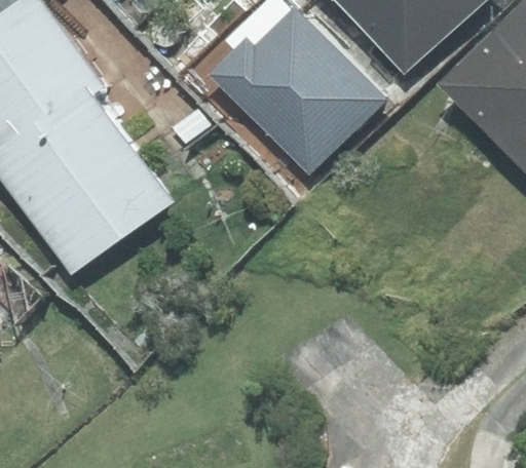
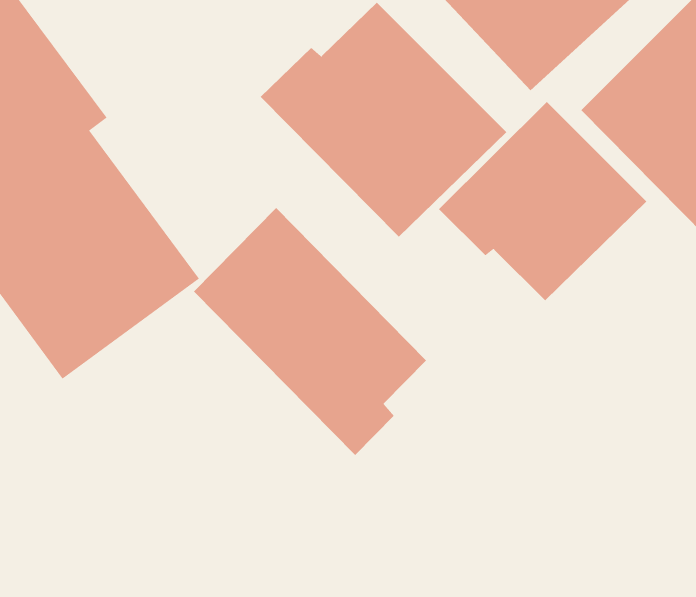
building: none -> [438,101,647,301]
building: none -> [193,207,427,456]

